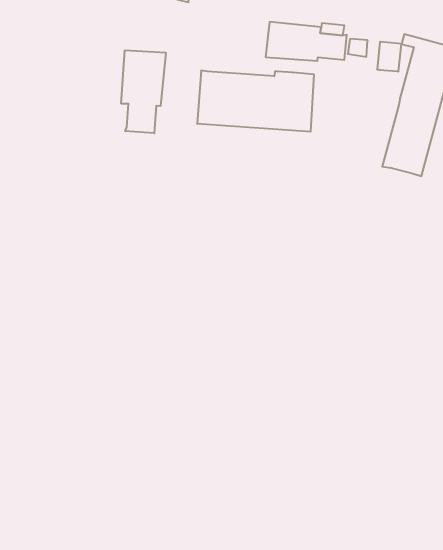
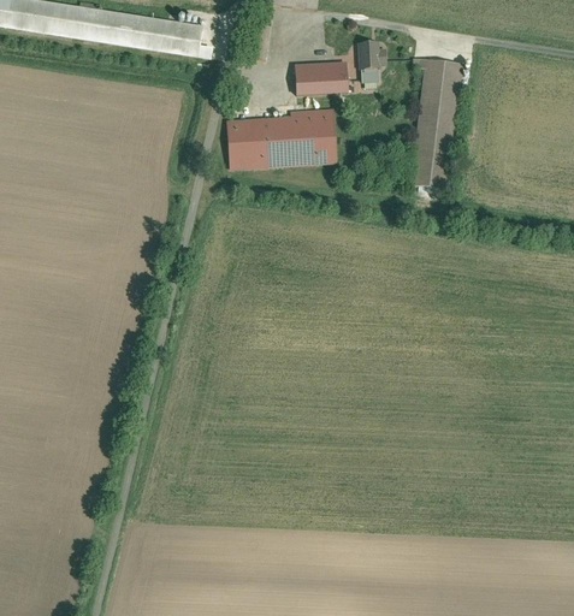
building: [377,42,401,71] -> [356,41,378,69]
building: [121,50,166,133] -> none

